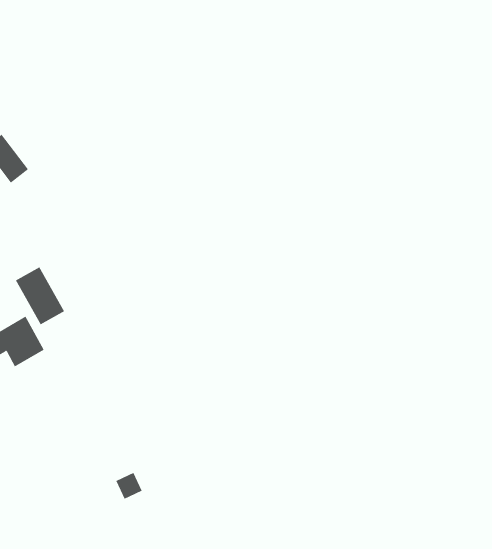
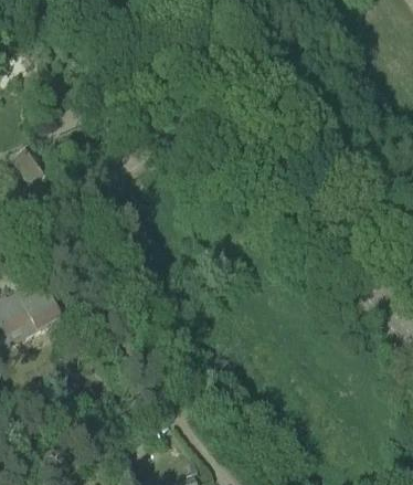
building: [15,266,65,325] -> none

